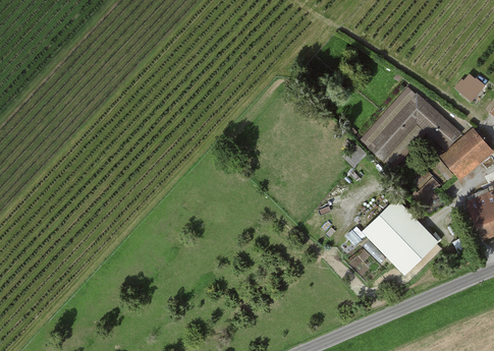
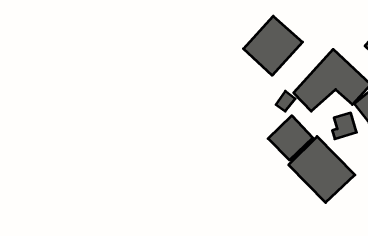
building: none -> [243,16,303,75]
building: none -> [268,116,313,160]

